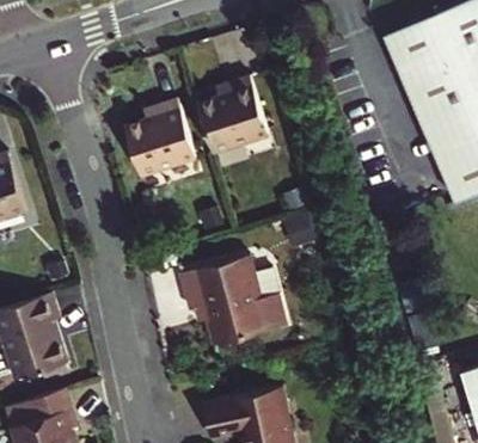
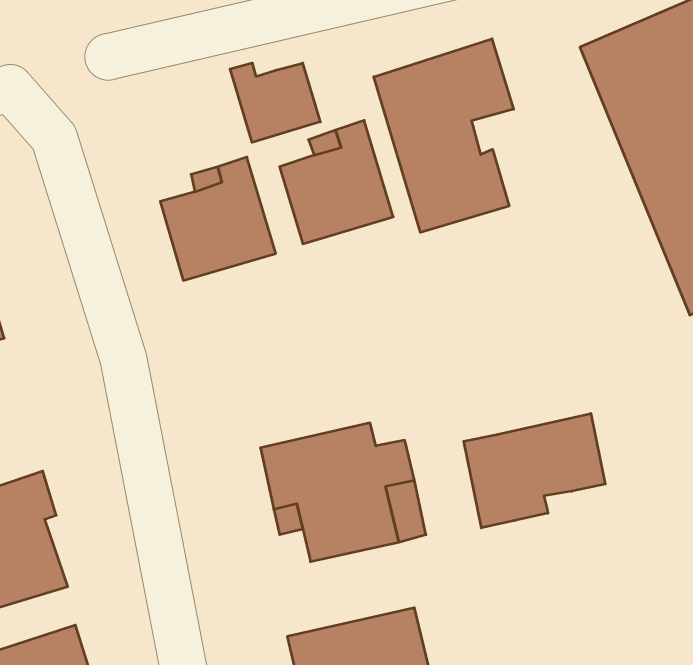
building: none -> [374,39,514,232]
building: none -> [230,63,320,142]
building: none -> [464,413,605,528]

